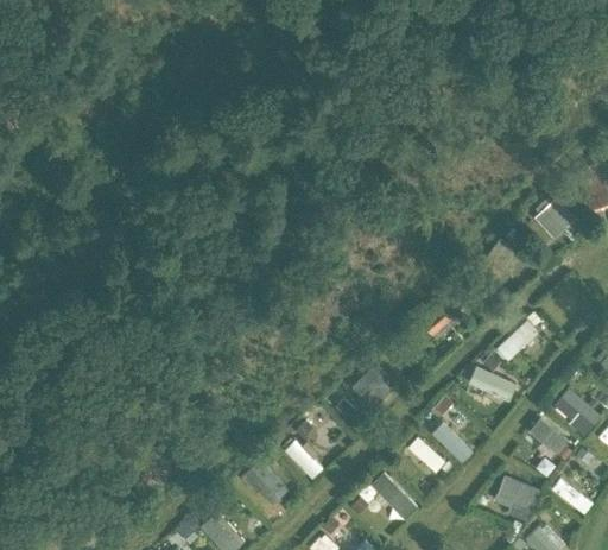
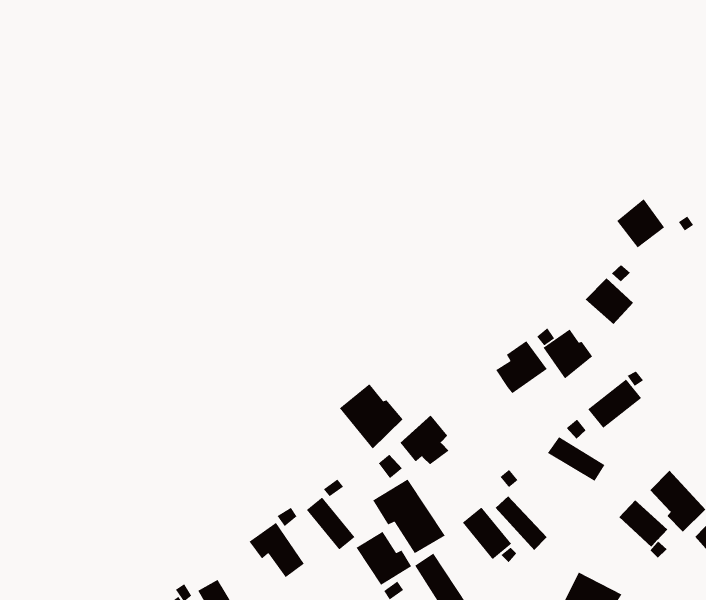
building: [534,198,574,239] -> [616,198,665,249]
building: none -> [543,329,593,380]
building: none -> [339,383,404,450]
building: none -> [372,479,446,554]
building: none -> [355,531,412,586]

